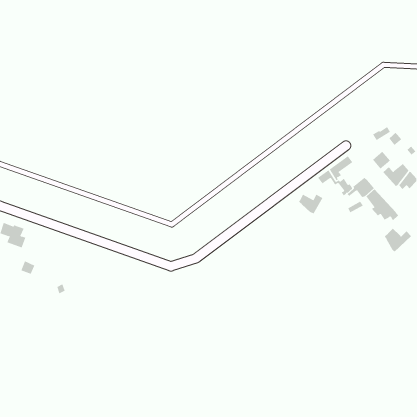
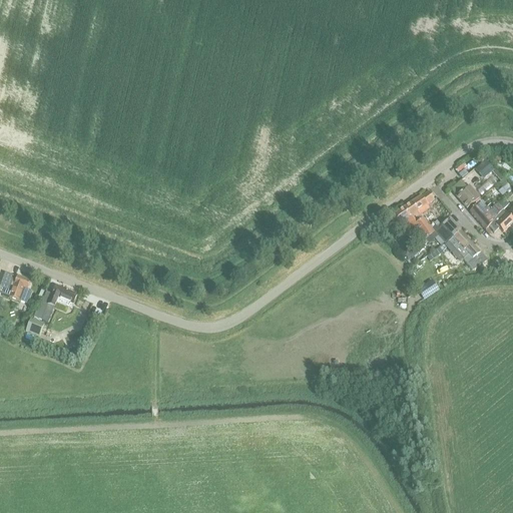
building: [298,194,323,214] -> none
building: [384,228,412,252] -> none
building: none -> [33,285,76,320]

